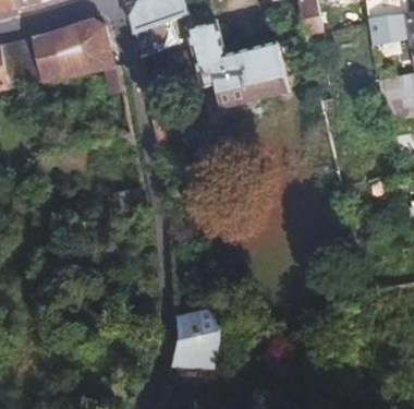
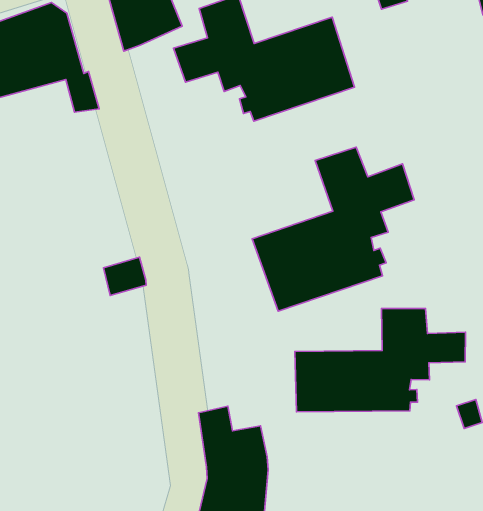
building: none -> [252,147,414,311]
building: none -> [295,308,465,412]

